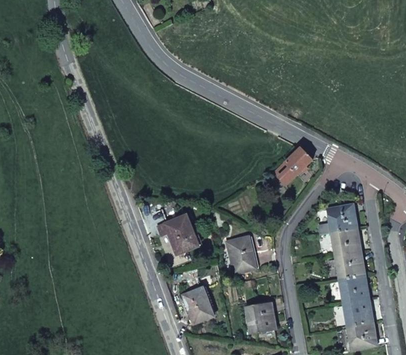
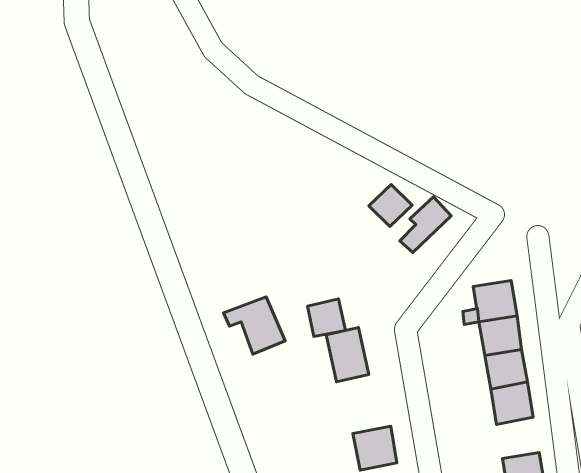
building: none -> [369,184,412,226]
building: none -> [307,299,346,337]
building: [183,286,213,321] -> none
building: [343,296,372,324] -> none

